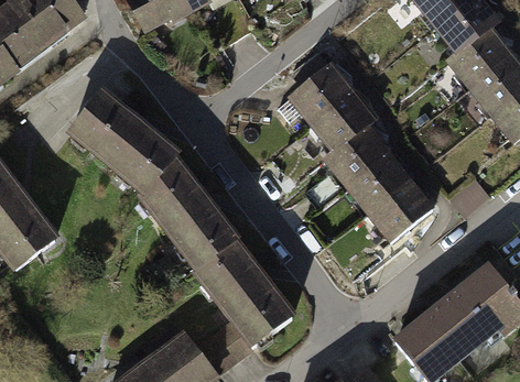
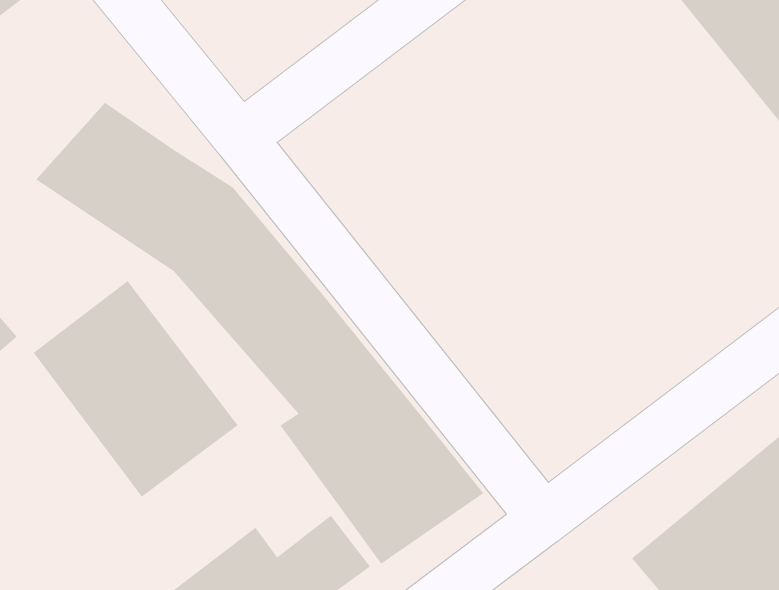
building: [277,64,435,238] -> none
building: none -> [33,280,238,498]

